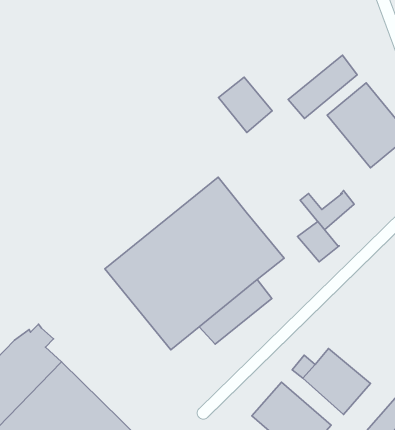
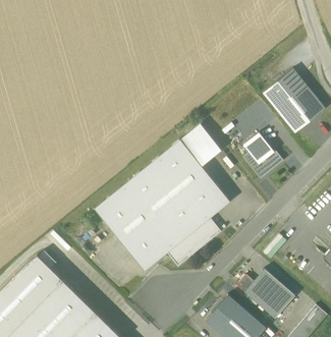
building: [288,55,357,118] -> none
building: [218,77,272,133] -> [180,125,221,167]
building: [297,222,339,262] -> [242,134,274,165]

